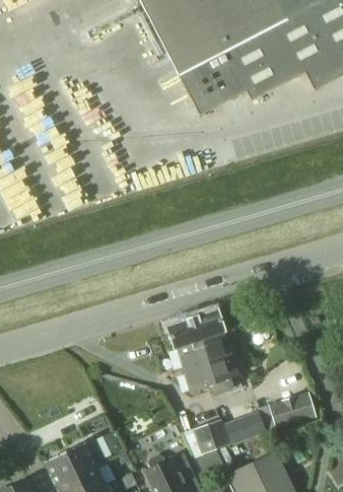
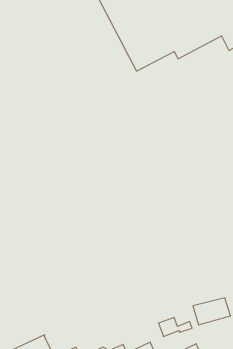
building: [167,309,239,394] -> none
building: [193,420,228,452] -> none

